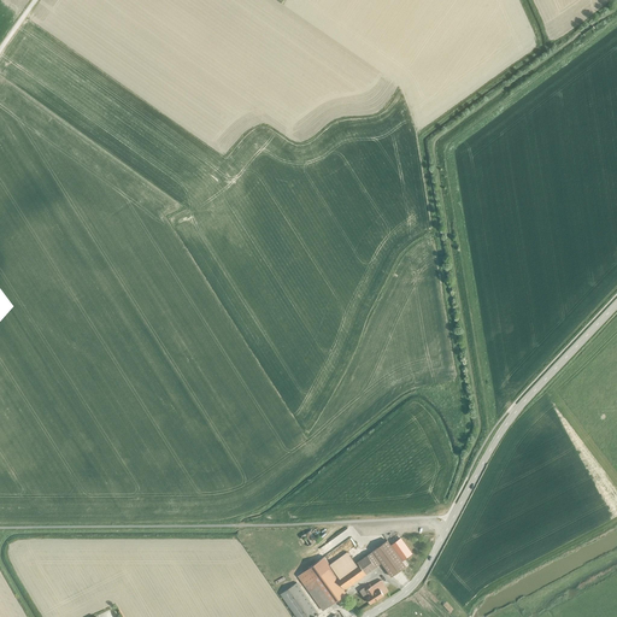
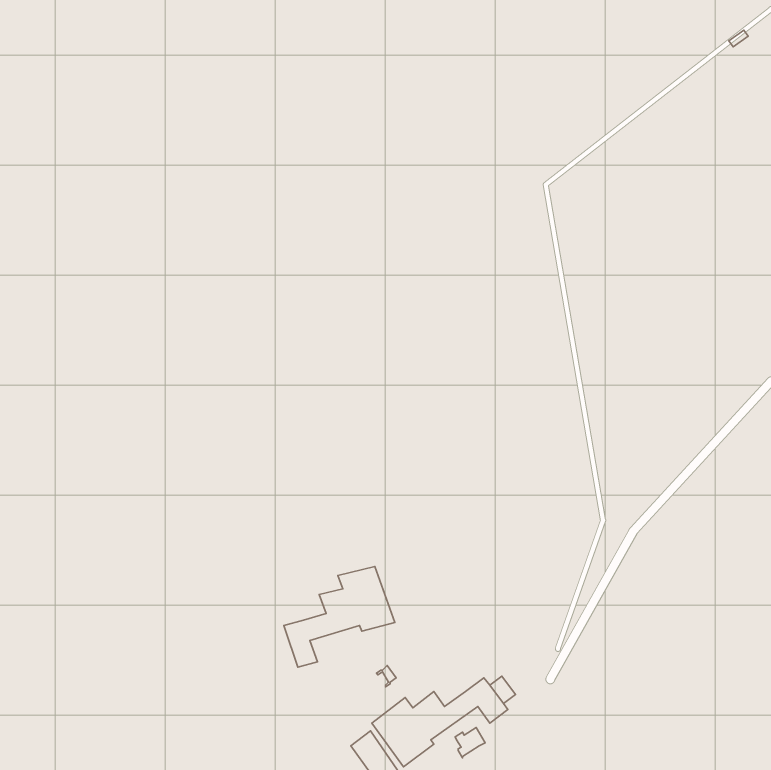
building: none -> [284,566,395,667]

